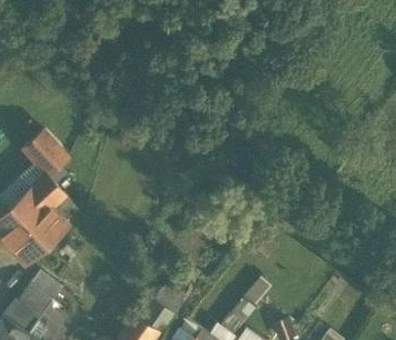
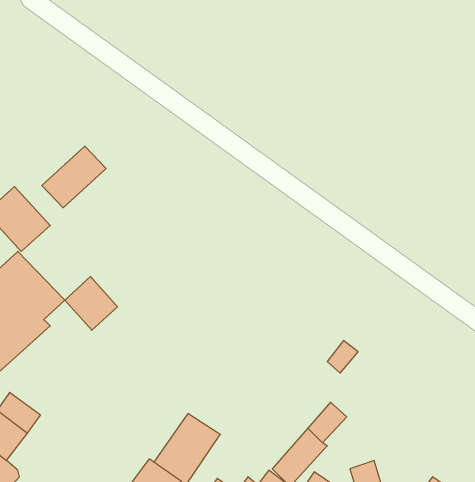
building: none -> [42,146,106,208]
building: none -> [65,276,117,330]

